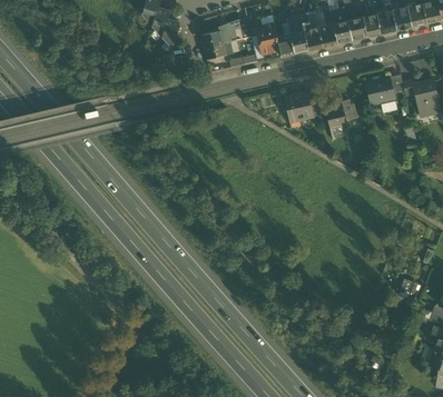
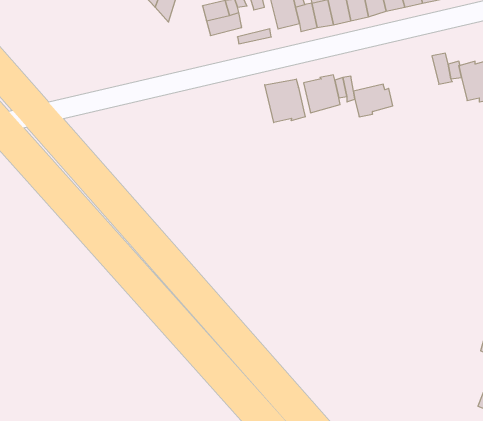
building: [365,76,395,105] -> none
building: none -> [265,79,305,123]

